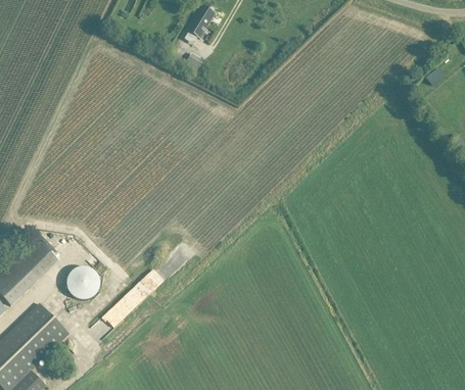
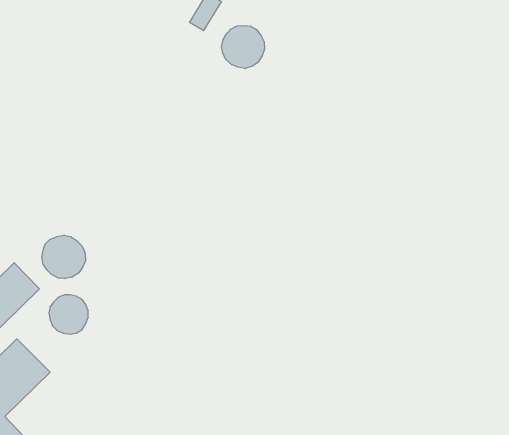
building: none -> [222,26,264,69]
building: none -> [42,235,86,279]

